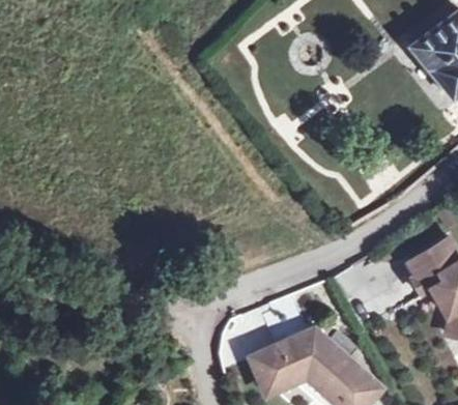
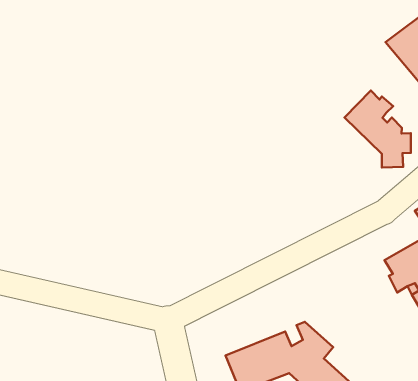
building: none -> [345,90,411,167]

